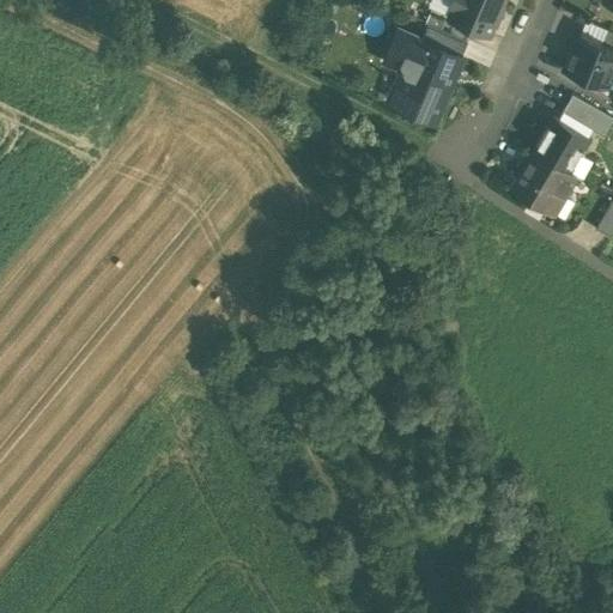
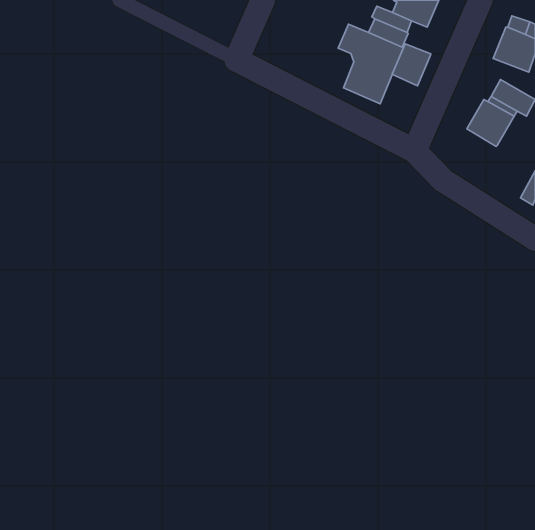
building: none -> [392,44,431,86]
building: [511,153,576,217] -> none

